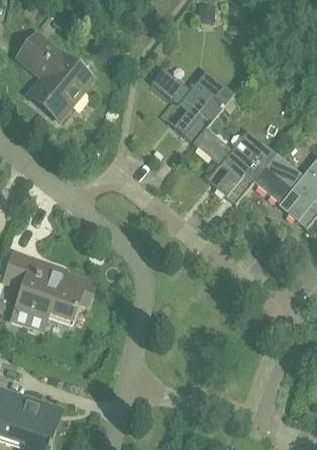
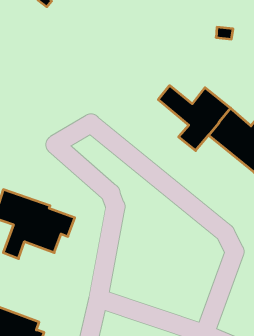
building: [17,35,92,120] -> none
building: [150,68,233,142] -> none

